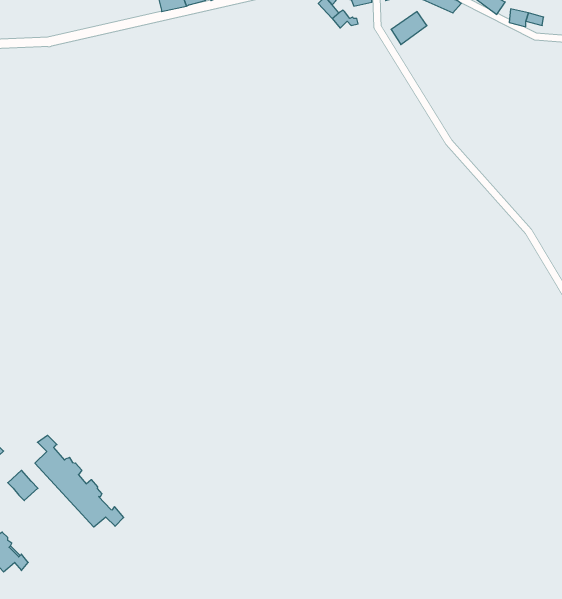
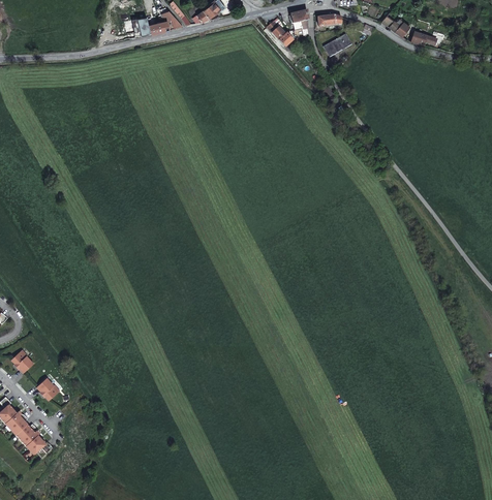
building: [35,435,124,527] -> none

